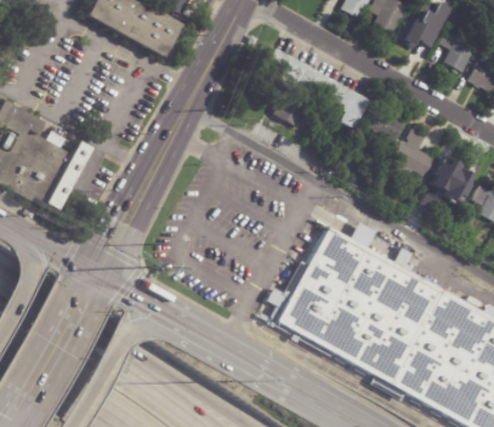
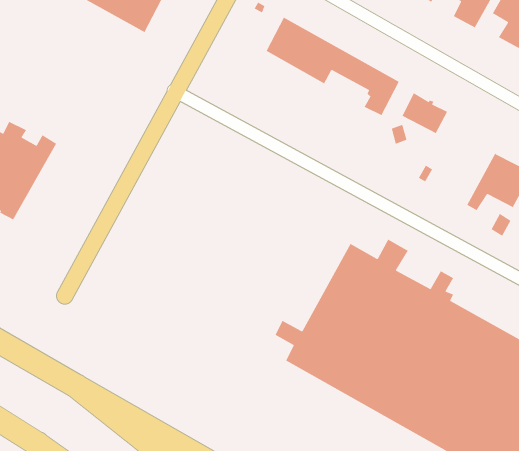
building: [274,92,306,123] -> none
building: [394,126,436,175] -> none

